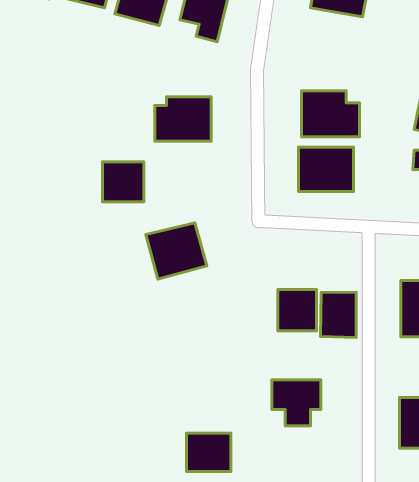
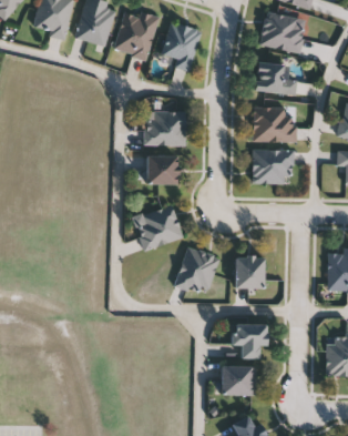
building: none -> [255,62,297,93]
building: [102,162,144,202] -> [146,154,177,184]
building: none -> [175,247,217,294]
building: [320,292,356,338] -> none
building: [186,433,231,472] -> [222,366,255,395]

